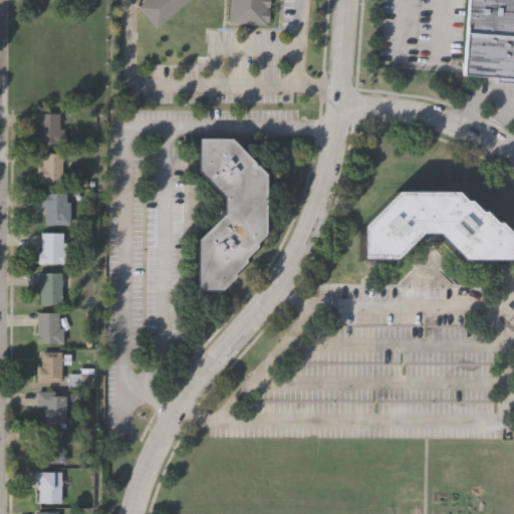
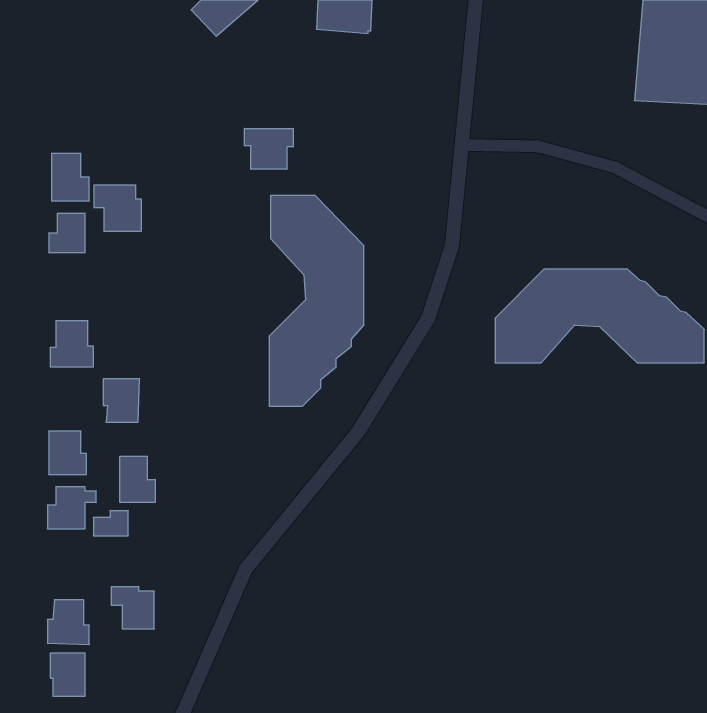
building: none -> [245,128,293,169]
building: [39,192,73,225] -> [94,185,141,231]
building: [39,270,65,301] -> [103,379,140,422]
building: none -> [120,456,155,502]
building: [39,391,70,421] -> [111,587,154,629]

